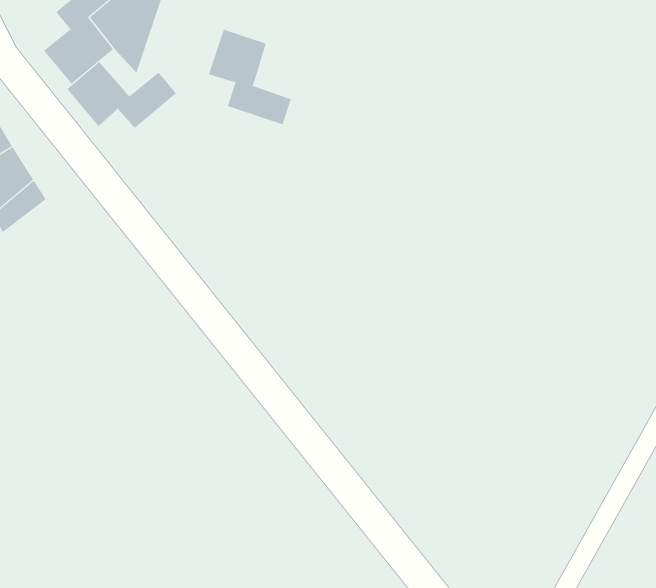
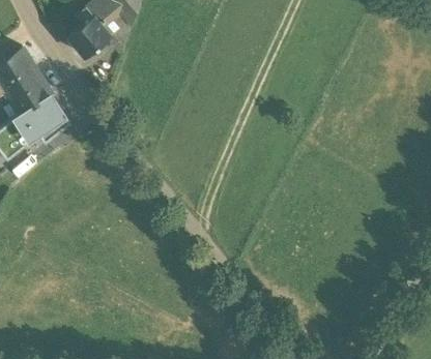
building: [208,29,291,125] -> none
building: [67,61,177,129] -> none

